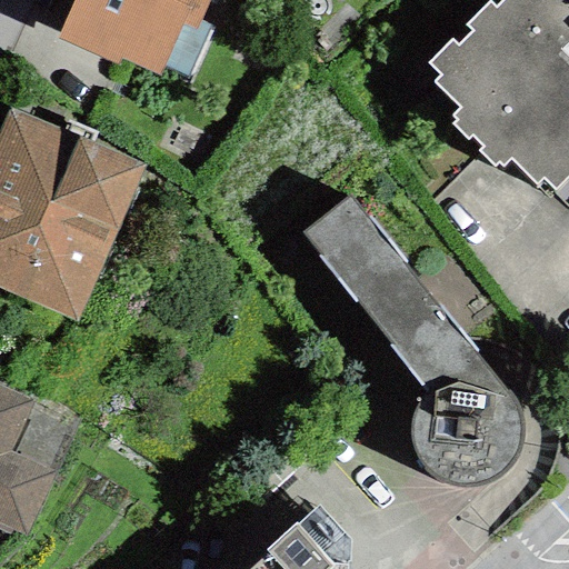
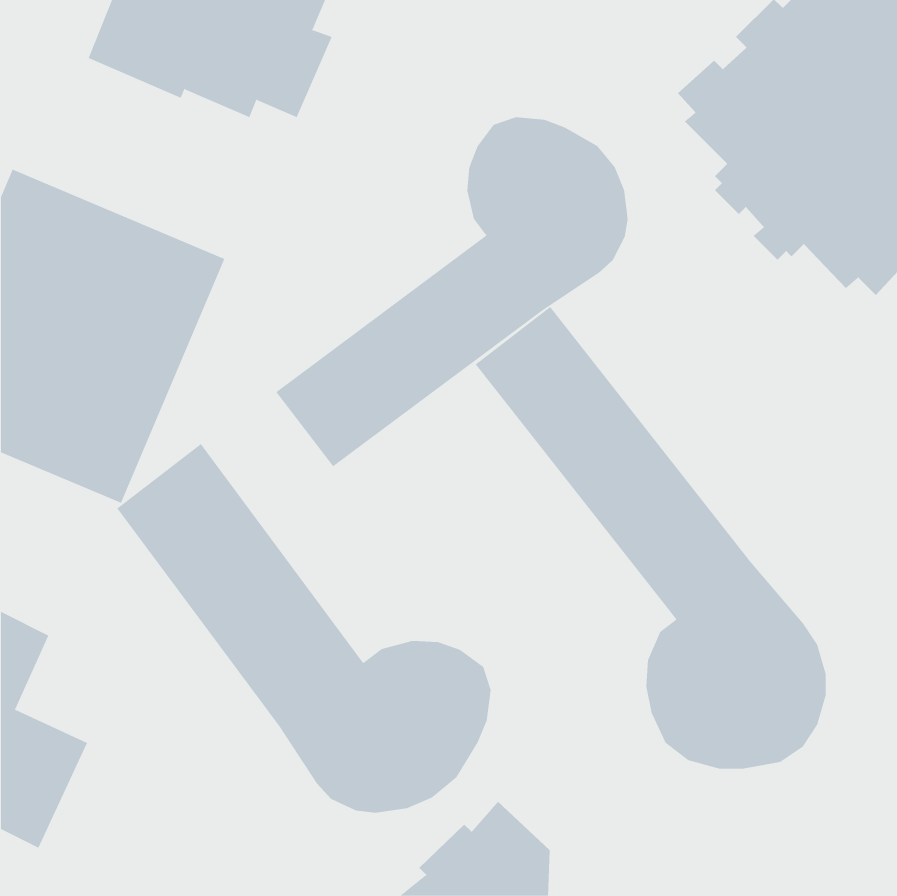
building: none -> [275,116,628,467]
building: none -> [117,443,491,814]

